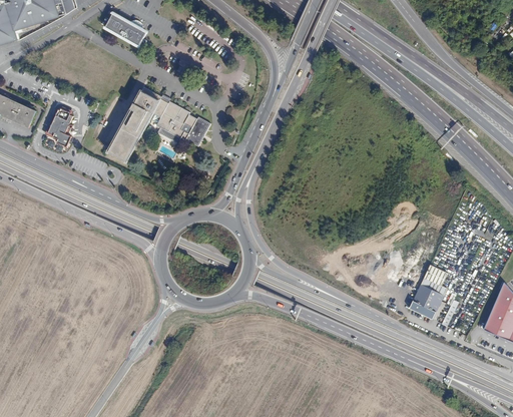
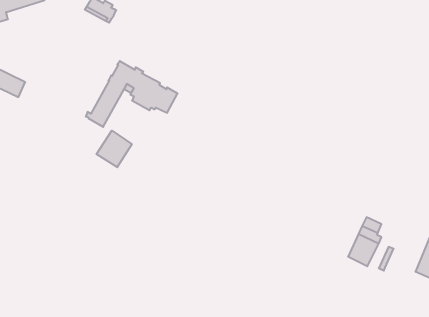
building: [47,108,72,147] -> none
building: none -> [97,131,132,167]

